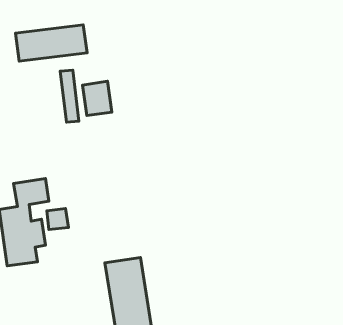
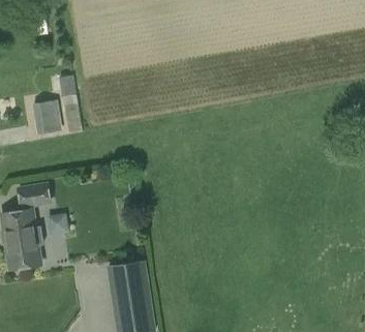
building: [15,25,87,61] -> none
building: [83,81,112,115] -> [32,99,61,133]

